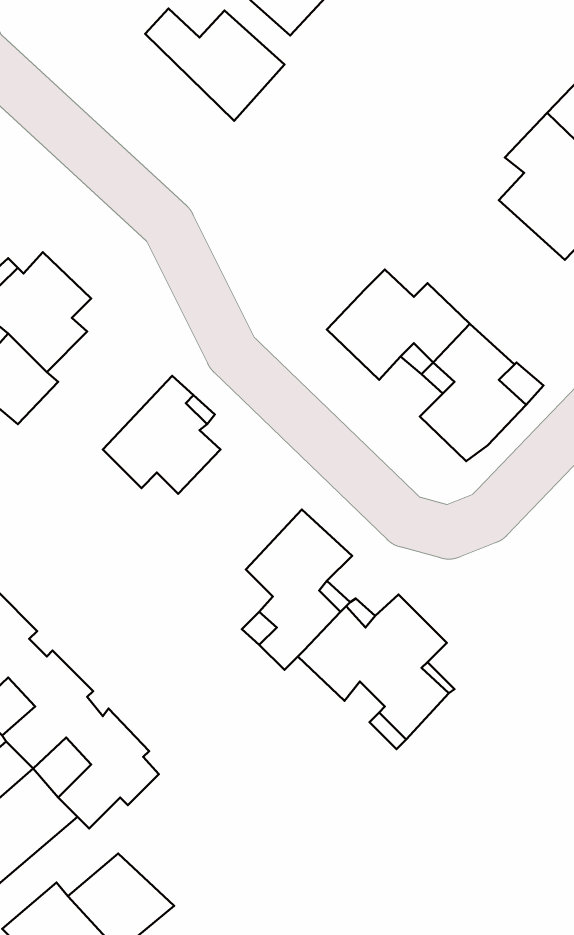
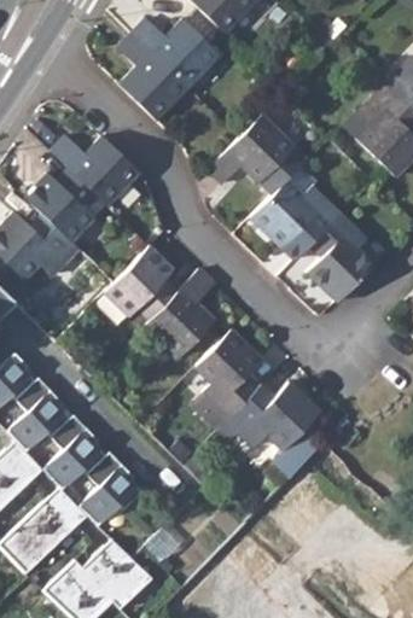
building: none -> [118,33,188,121]
building: none -> [208,112,307,192]
building: none -> [51,135,140,205]
building: none -> [147,270,216,357]

